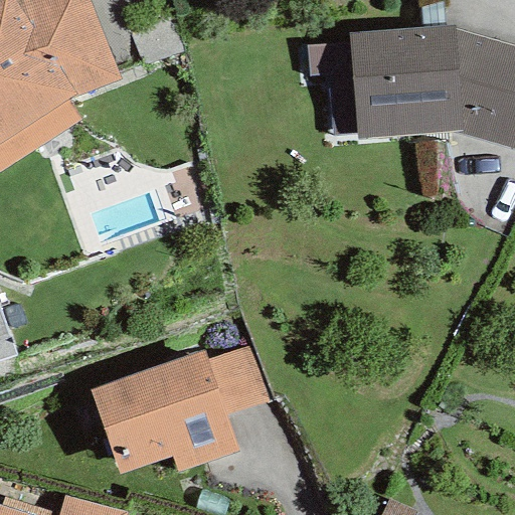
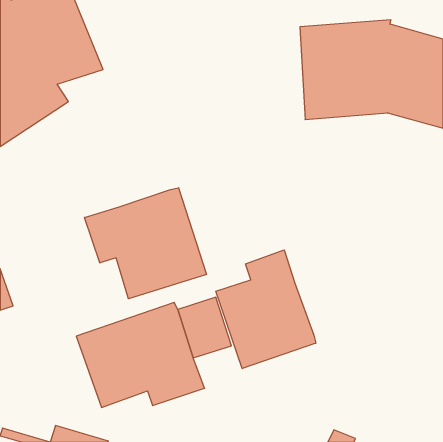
building: none -> [85,188,206,299]
building: none -> [216,250,316,369]

